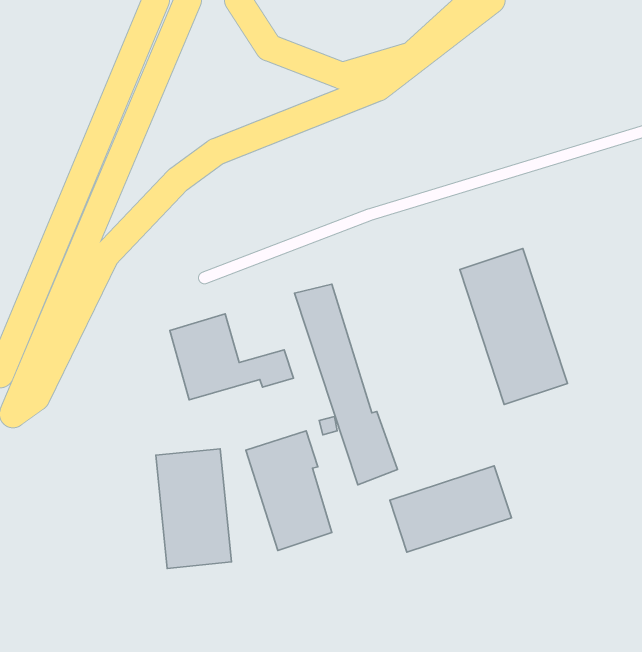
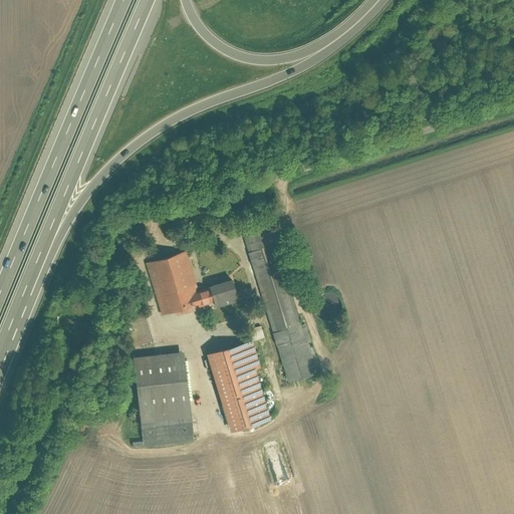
building: [460,248,567,405] -> none
building: [390,466,512,552] -> none

